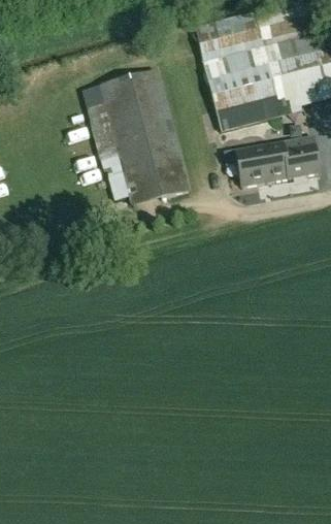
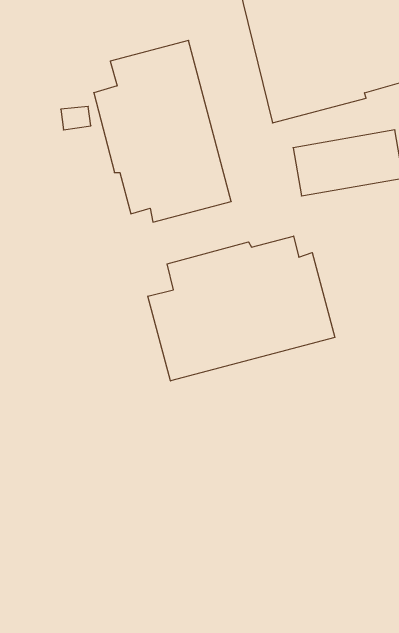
building: none -> [148,236,335,381]

